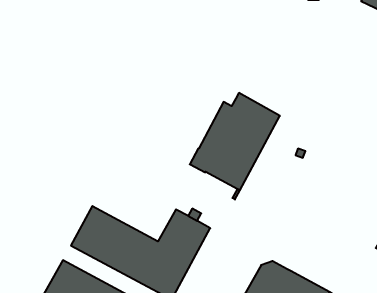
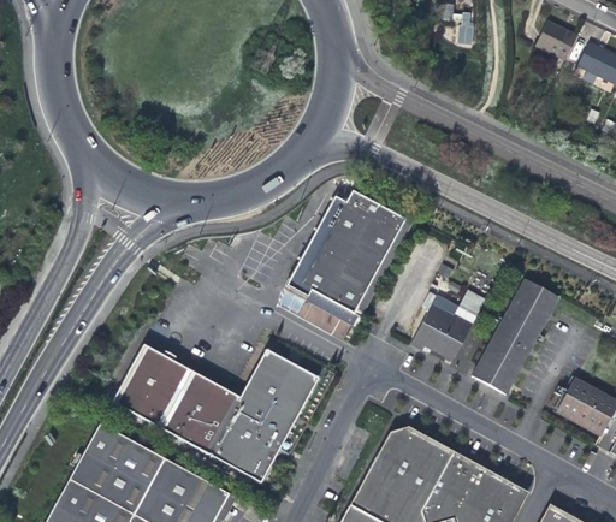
building: none -> [474,280,555,392]
building: none -> [411,290,486,360]

